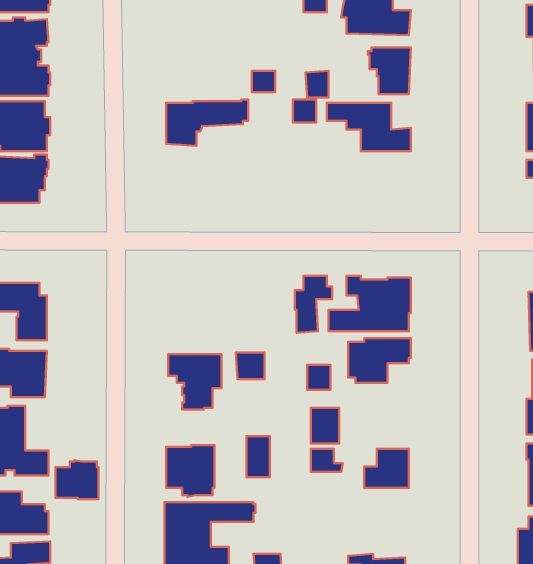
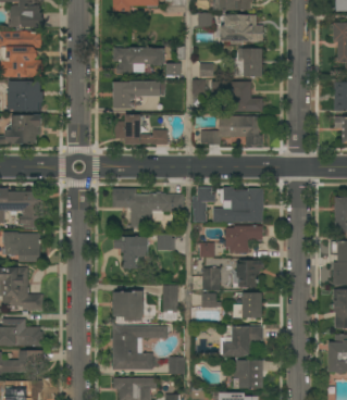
building: none -> [113,49,164,74]
building: none -> [115,115,168,145]
building: none -> [200,116,262,147]
building: none -> [113,188,184,227]
building: none -> [237,261,262,289]
building: [55,460,99,499] -> none
building: none -> [224,326,263,355]

